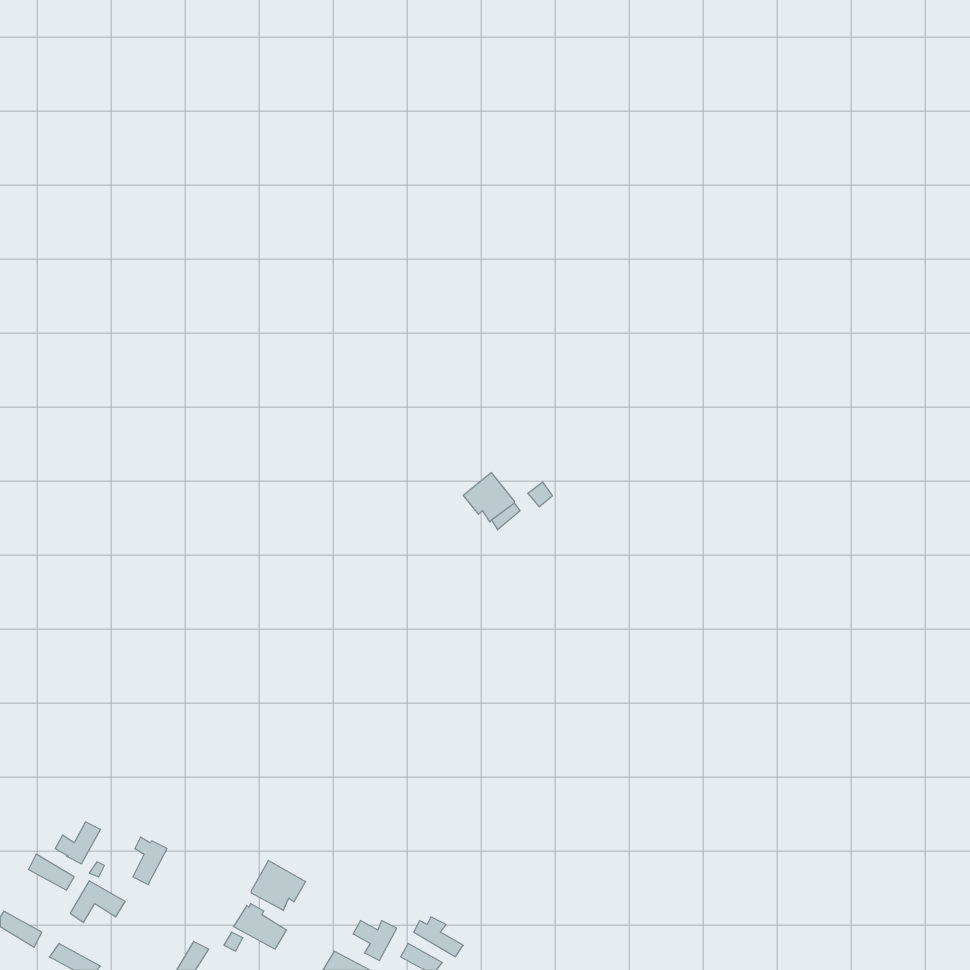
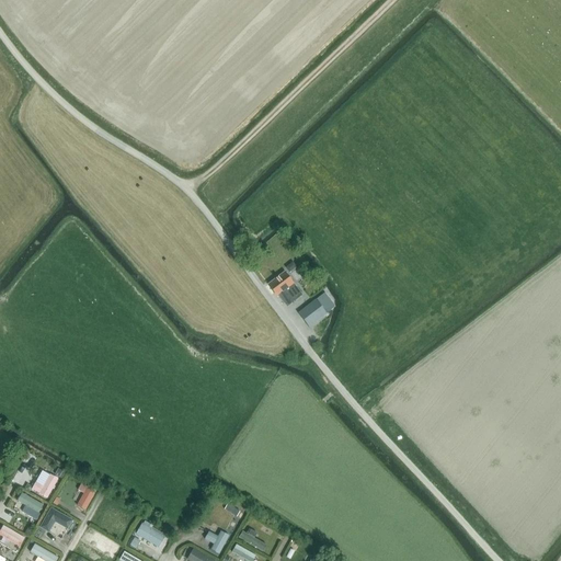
building: none -> [298,293,335,328]
building: [251,860,305,911] -> none

